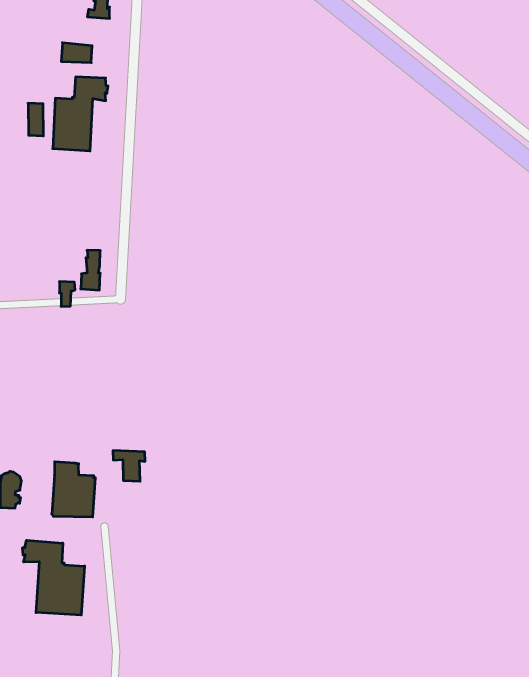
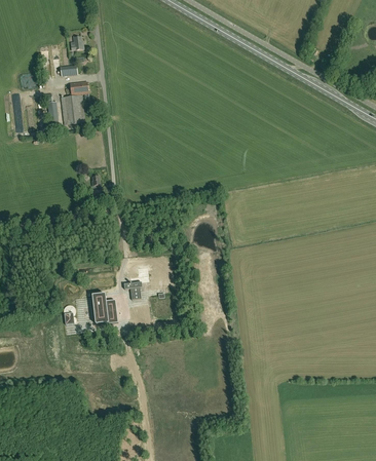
building: [23,540,85,615] -> none

